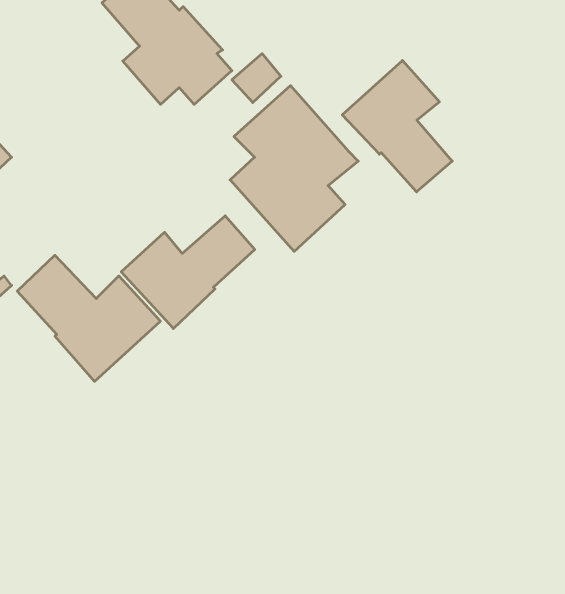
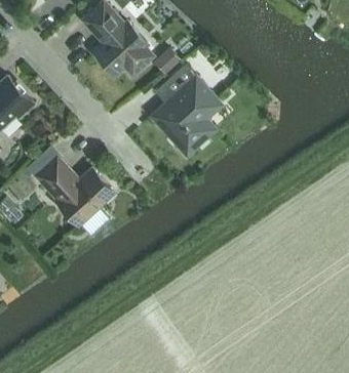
building: [342,60,452,192] -> none
building: [121,216,255,329] -> none

